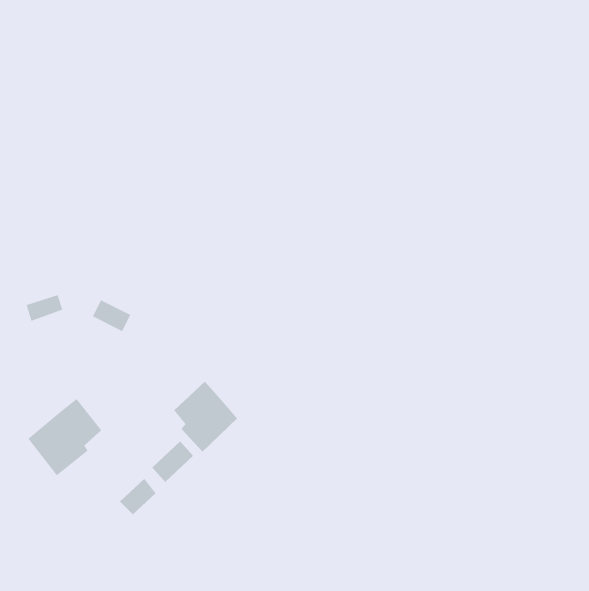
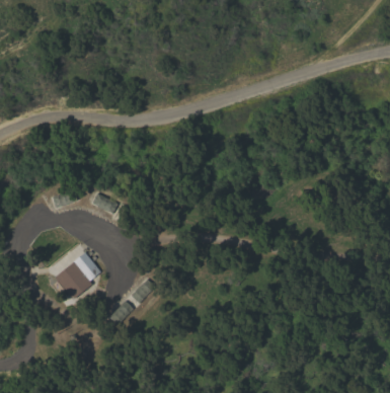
building: [174,381,238,452] -> none

